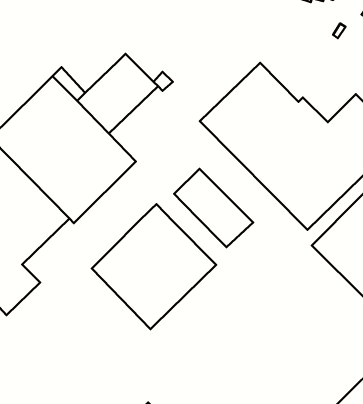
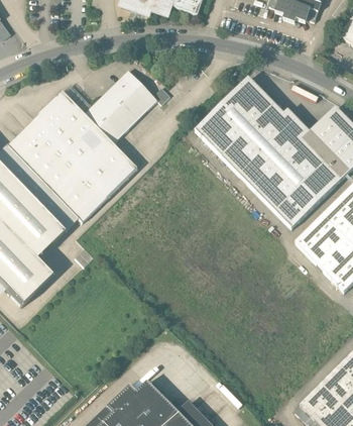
building: [174,169,253,247] -> none
building: [92,204,216,329] -> none

